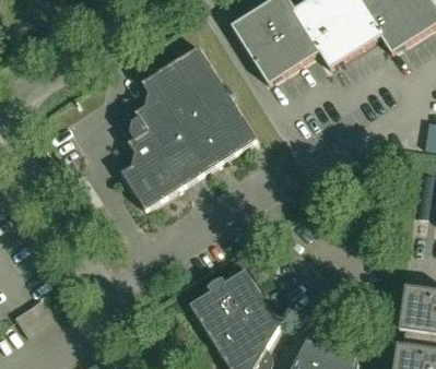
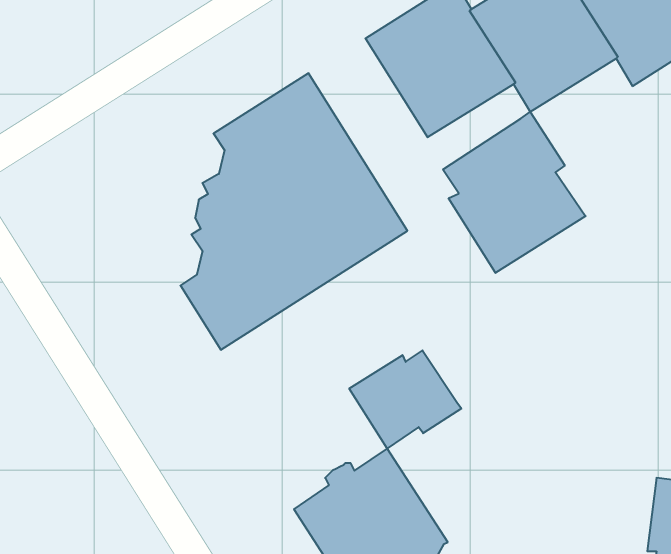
building: none -> [443,112,586,273]
building: none -> [349,350,461,449]

